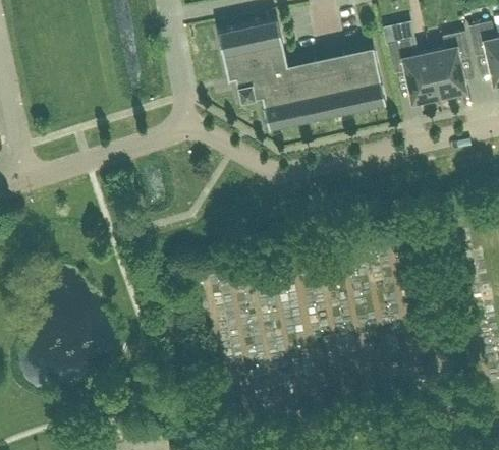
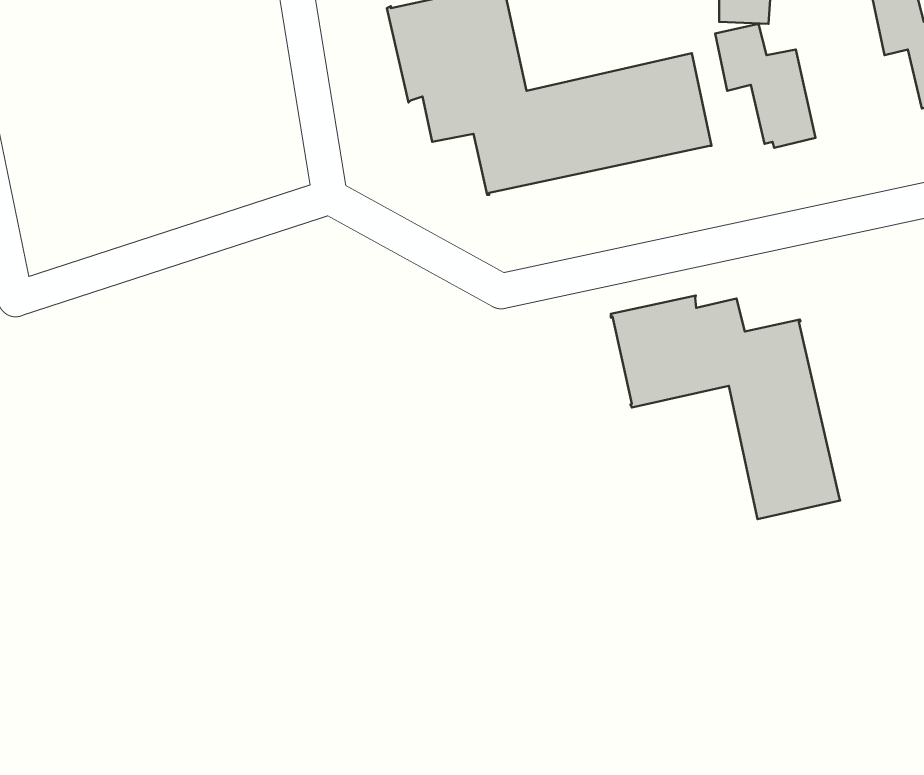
building: [429,32,469,99] -> none
building: none -> [611,296,840,519]

